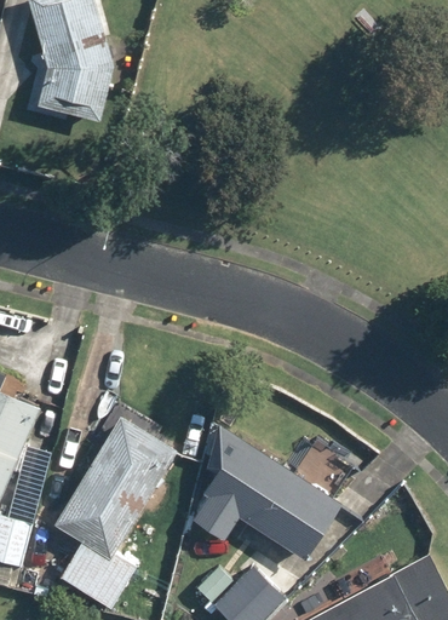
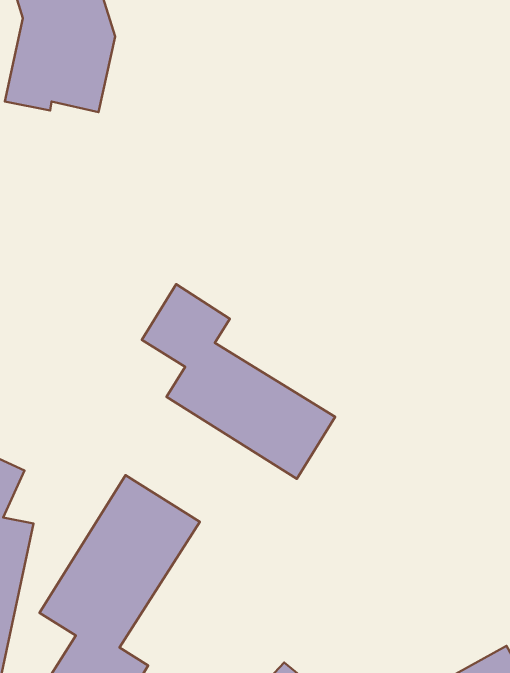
building: none -> [142,284,335,479]
building: [193,424,343,559] -> none

